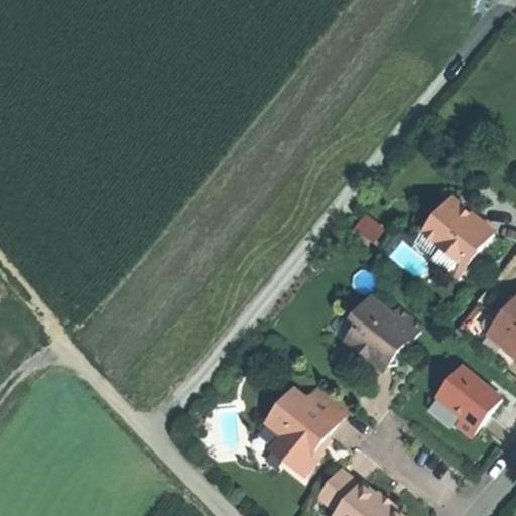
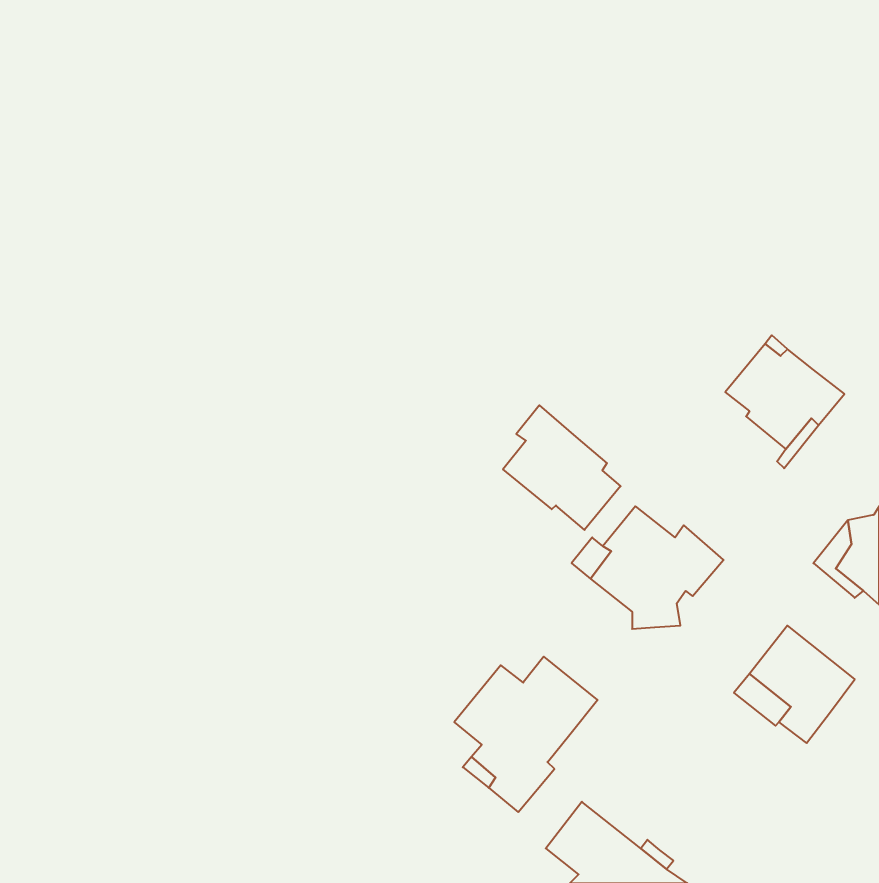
building: none -> [503,405,621,530]

